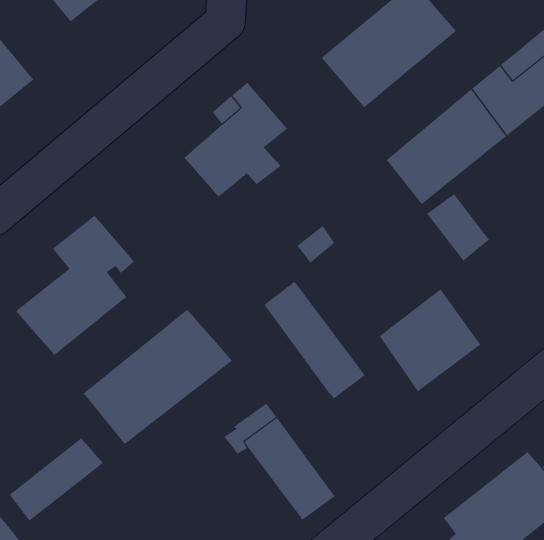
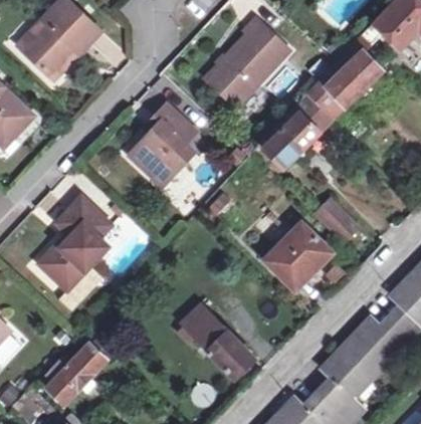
building: [426,193,490,262] -> [318,198,360,240]
building: [263,281,365,399] -> none
building: [83,309,233,445] -> none

